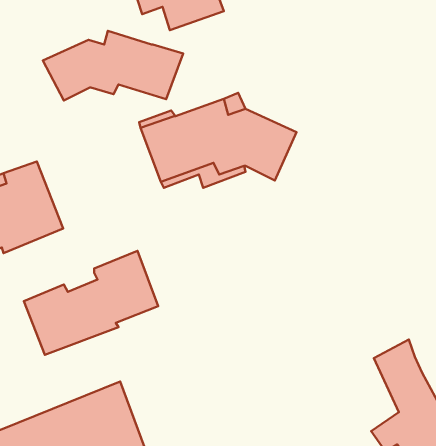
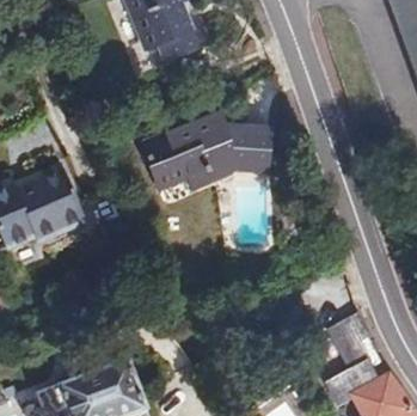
building: [43,31,183,100] -> none
building: [24,251,158,355] -> none

